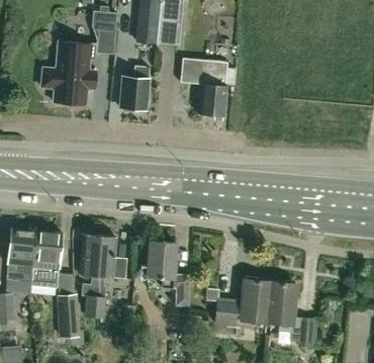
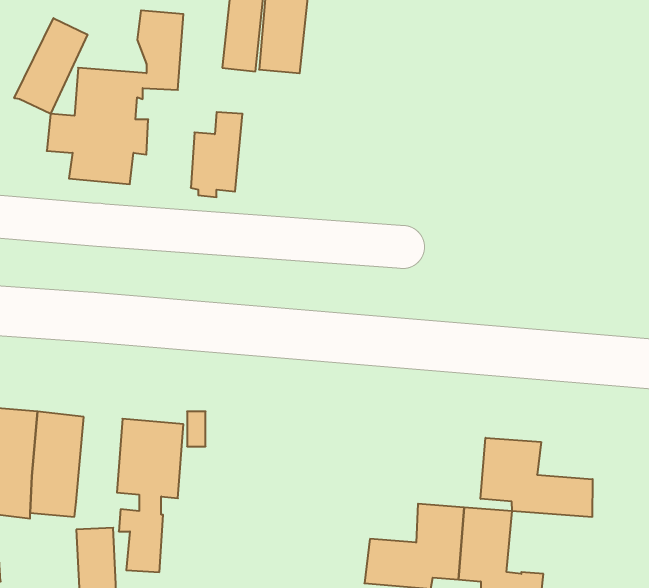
building: none -> [14,18,87,114]
building: [179,59,225,116] -> none
building: [146,241,188,305] -> none
building: none -> [481,438,593,517]

